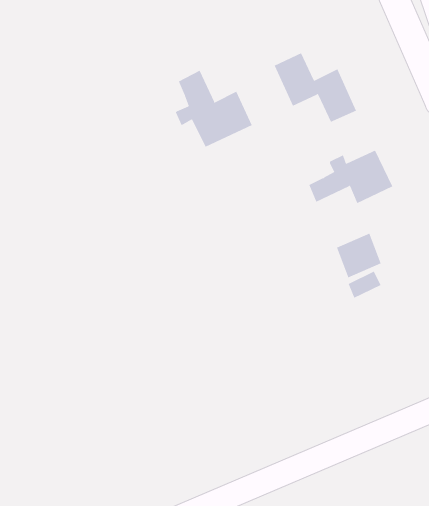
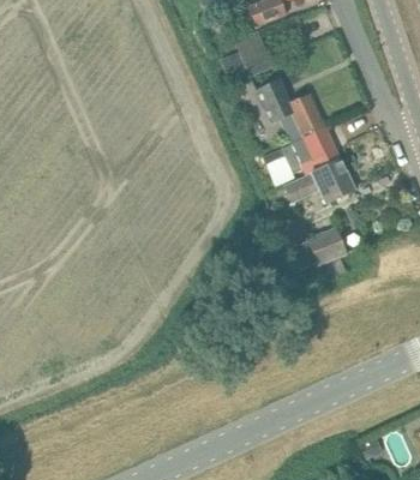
building: [175,70,252,147] -> none
building: none -> [280,126,340,173]

